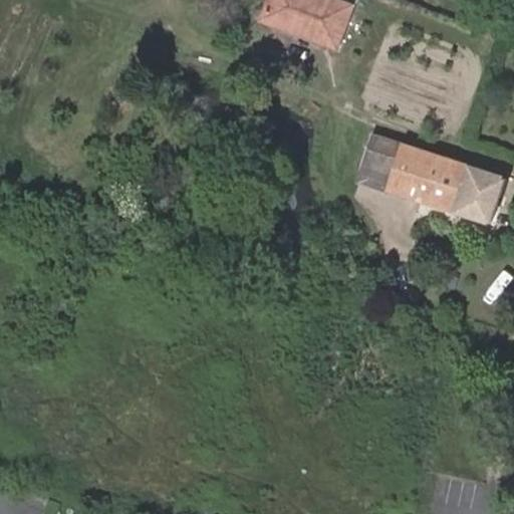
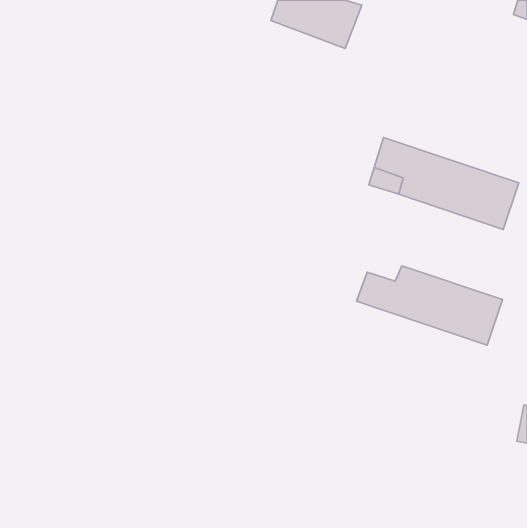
building: none -> [357,266,503,345]

